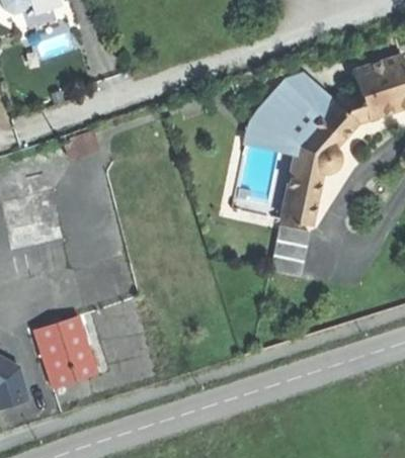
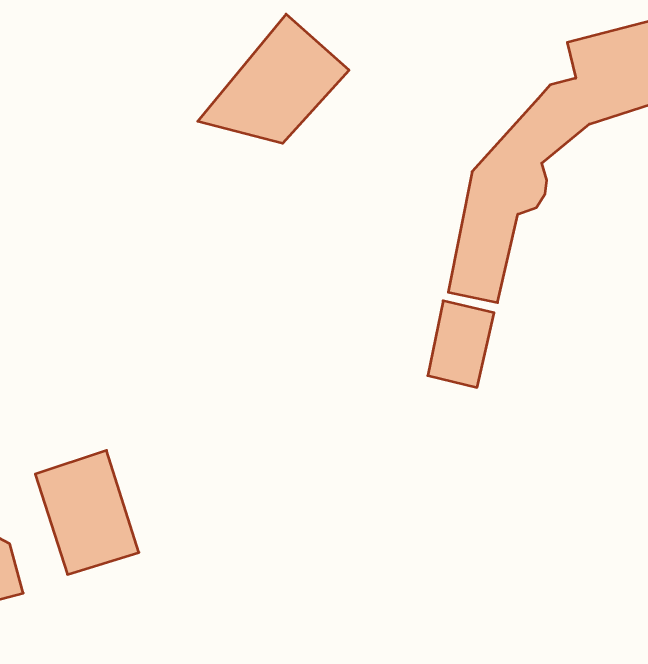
building: [246,71,336,148] -> [198,14,349,143]

